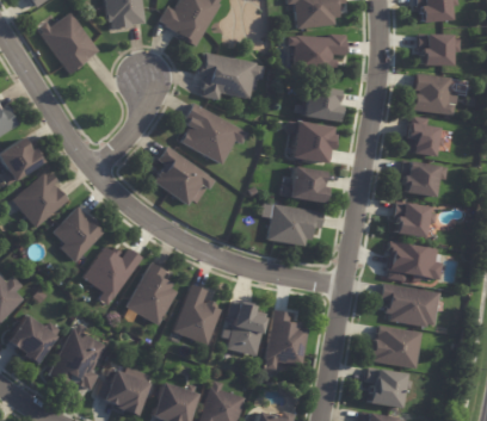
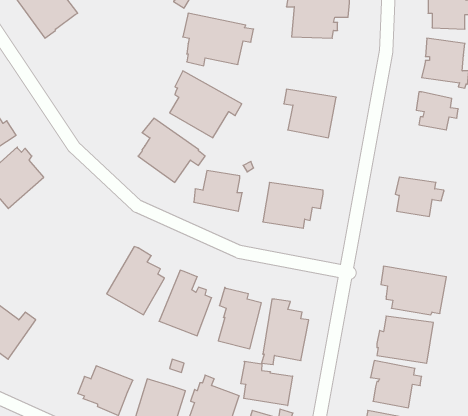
building: [303,85,340,120] -> none
building: [402,160,449,197] -> none
building: [282,166,326,203] -> [194,171,242,211]
building: [54,206,103,261] -> none
building: [383,240,438,279] -> none
building: [82,246,142,304] -> none
building: [48,322,106,389] -> none
building: none -> [241,361,293,406]

